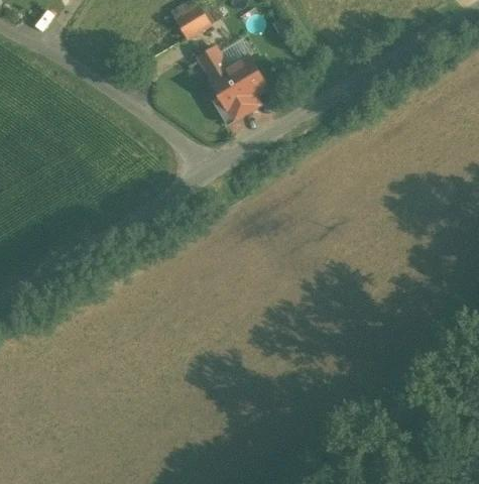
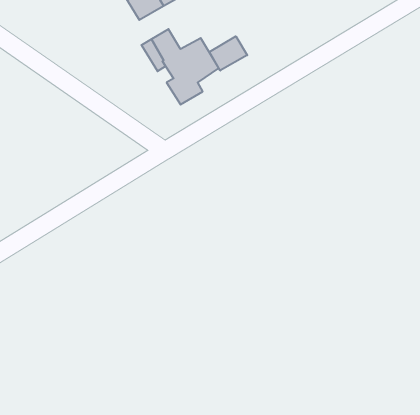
building: none -> [209,36,247,71]

